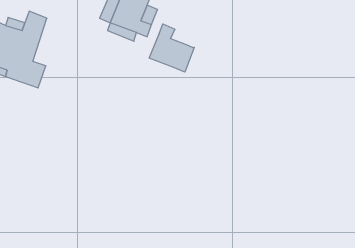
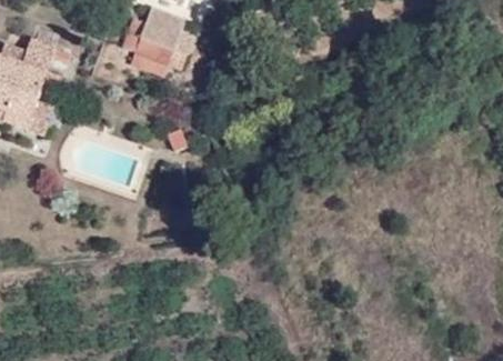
building: [149,24,194,72] -> none

